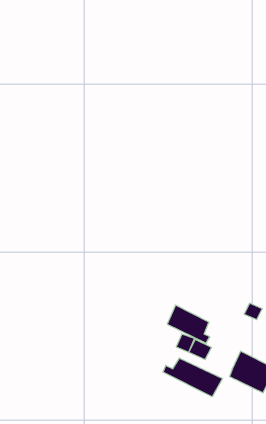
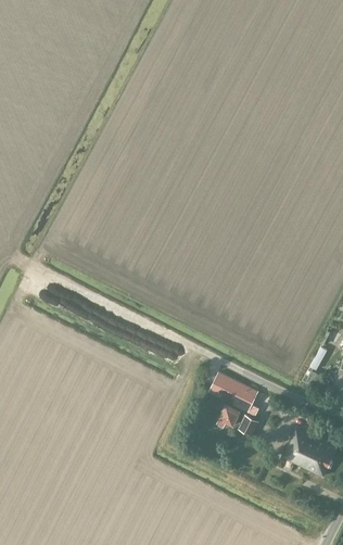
building: [163,358,223,397] -> none

